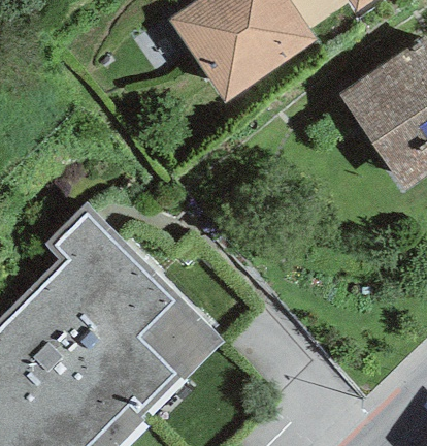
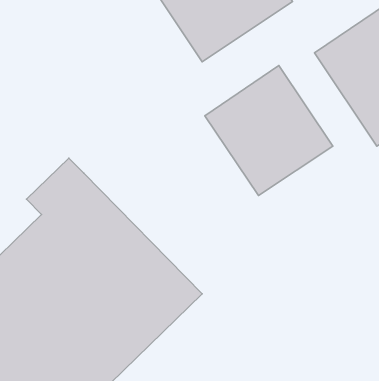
building: none -> [205,65,333,195]

